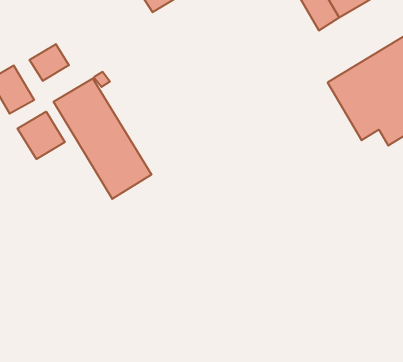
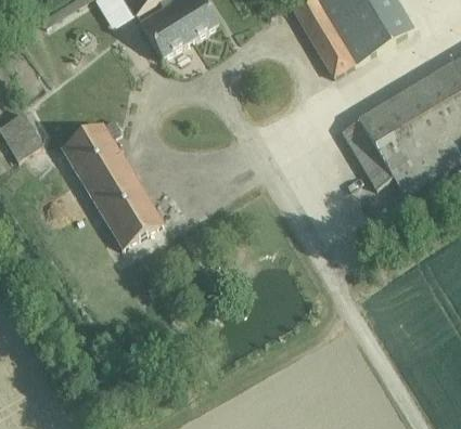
building: [30,44,69,81] -> none
building: [18,112,65,159] -> none

